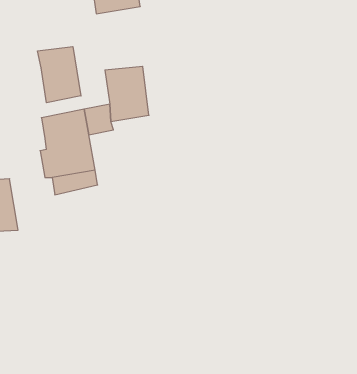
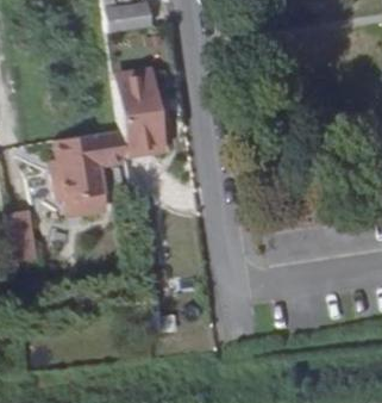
building: [38,47,81,103] -> none

